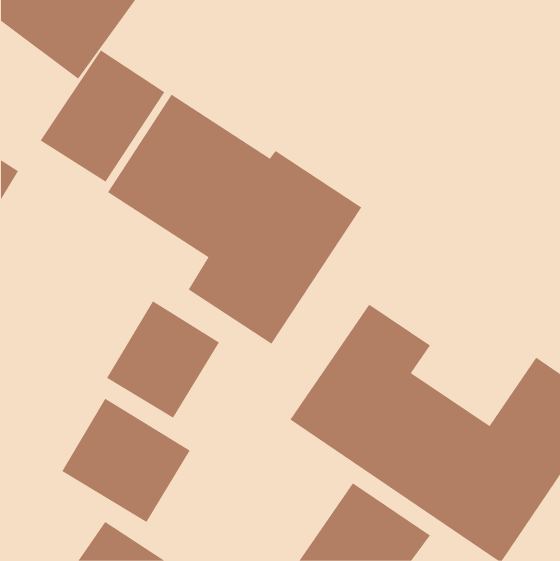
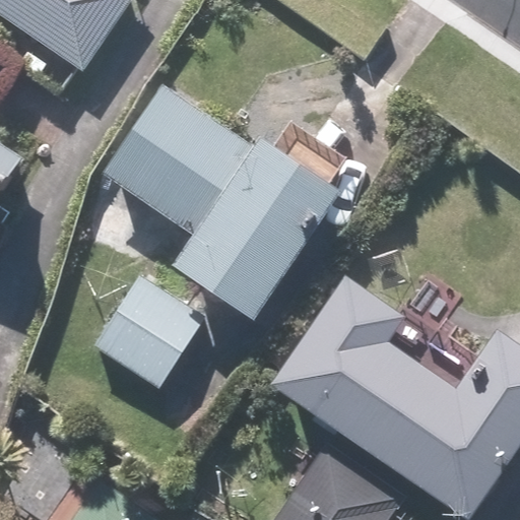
building: [40,49,165,183] -> none
building: [62,398,190,523] -> none

